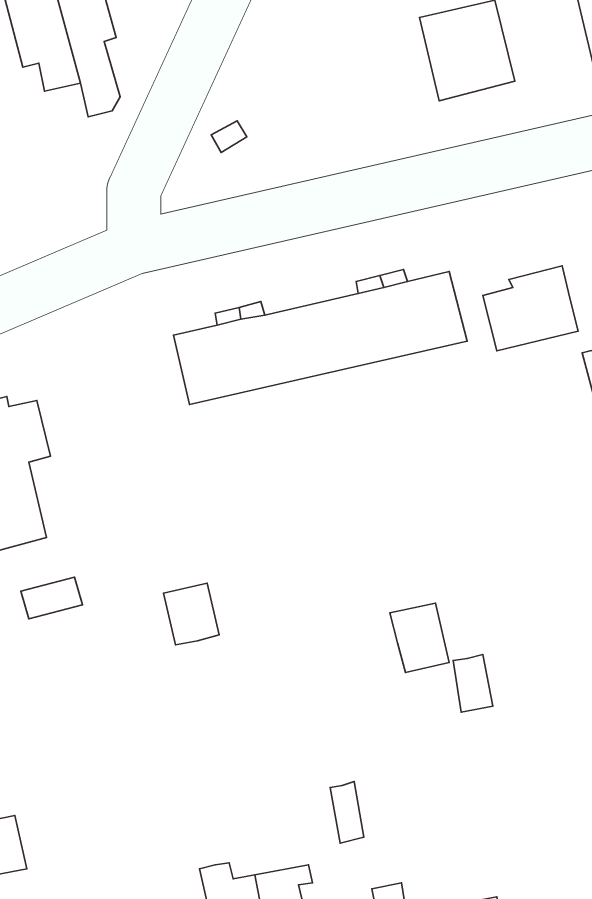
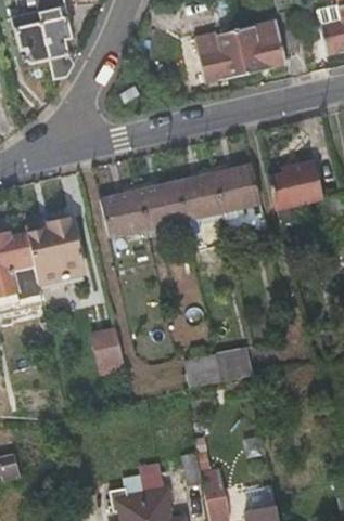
building: none -> [195,25,246,80]
building: none -> [26,218,85,291]
building: none -> [186,351,221,387]

